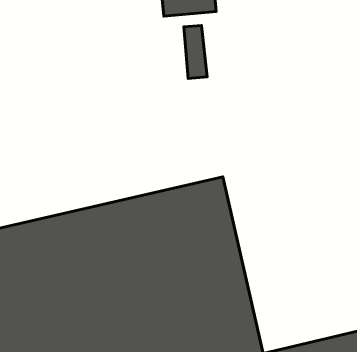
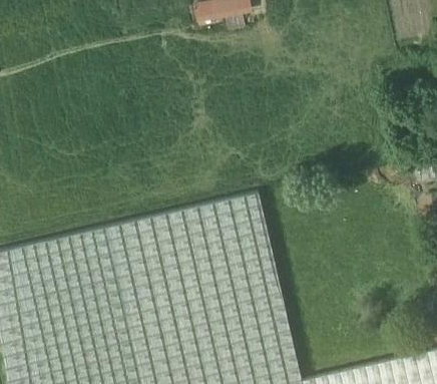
building: [184,25,207,79] -> none

